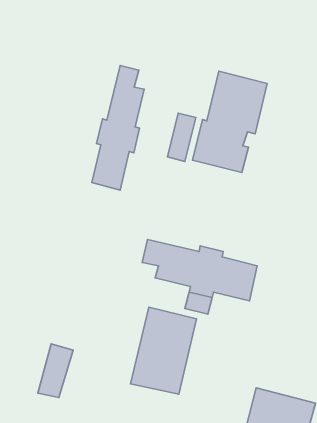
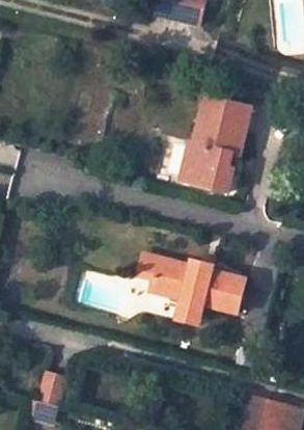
building: [92,65,144,190] -> none
building: [131,307,197,394] -> none

